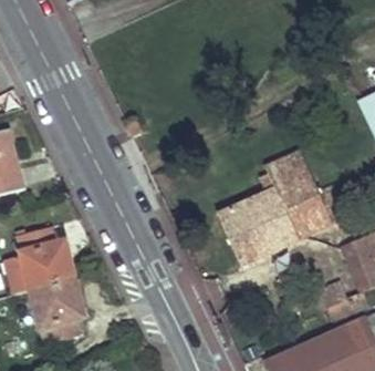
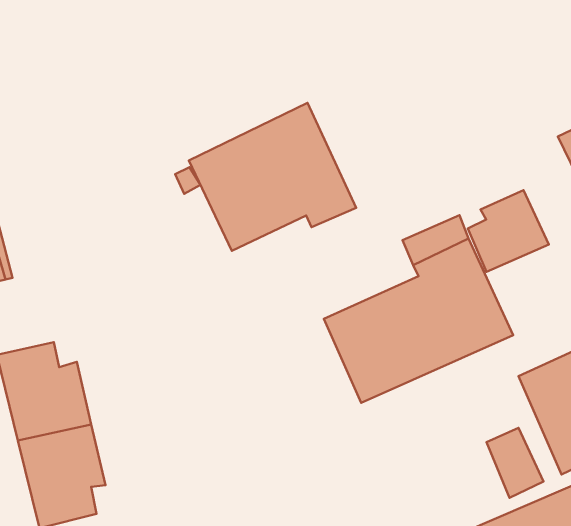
building: none -> [189,103,356,251]
building: none -> [468,190,549,272]

